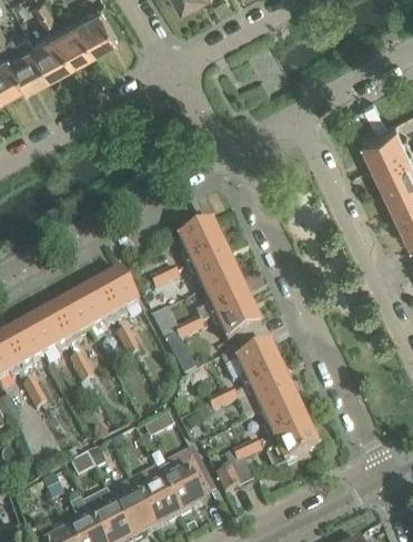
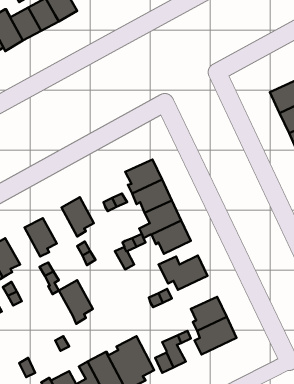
building: [73,284,117,339] -> [59,280,93,324]
building: [26,309,70,356] -> none
building: [244,370,294,412] -> none

